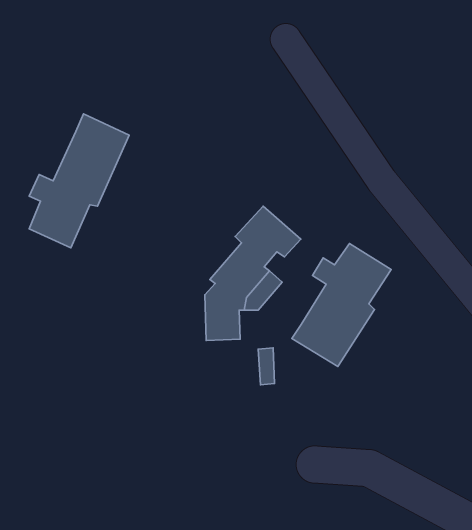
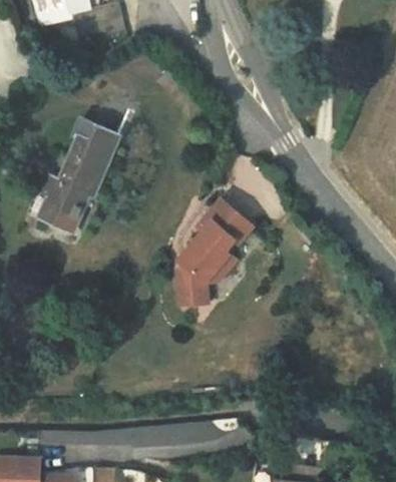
building: [292,243,391,367] -> none

